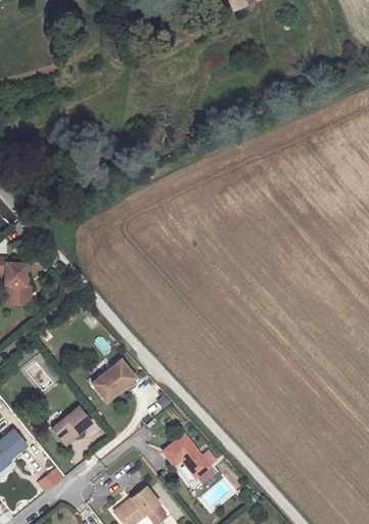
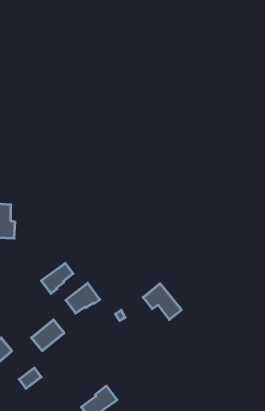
building: none -> [41,263,73,294]
building: [164,437,212,482] -> [143,284,181,320]

